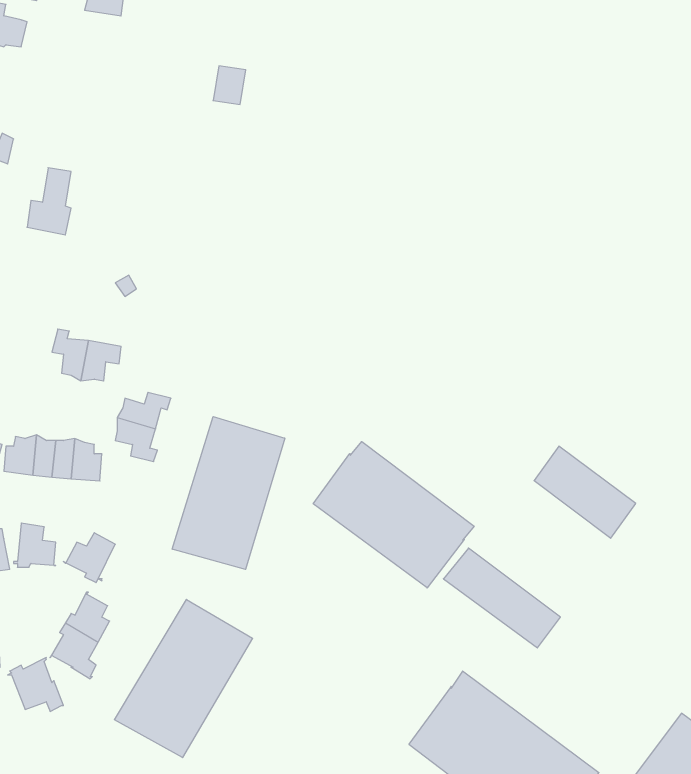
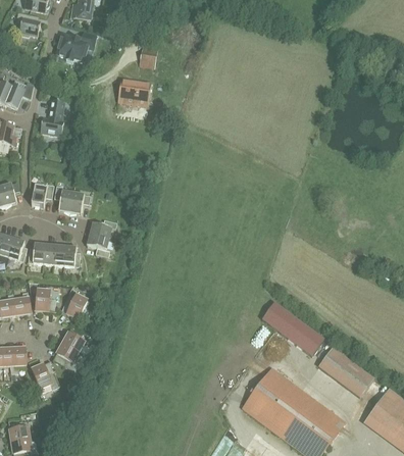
building: none -> [56,32,96,61]
building: none -> [117,77,151,109]
building: none -> [31,182,53,206]
building: [172,417,285,569] -> none
building: [313,442,474,588] -> none
building: [534,446,636,538] -> [319,347,373,396]
building: [114,599,253,758] -> none

